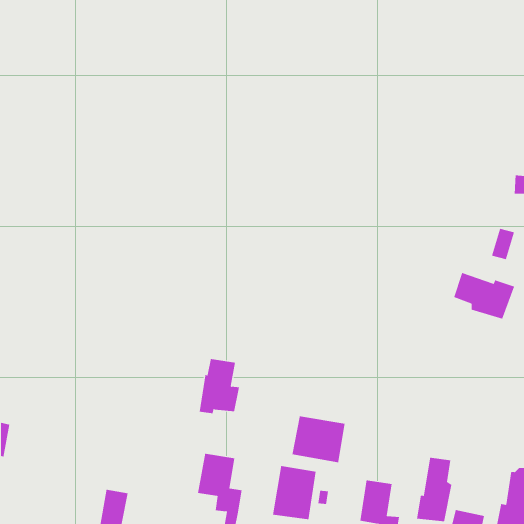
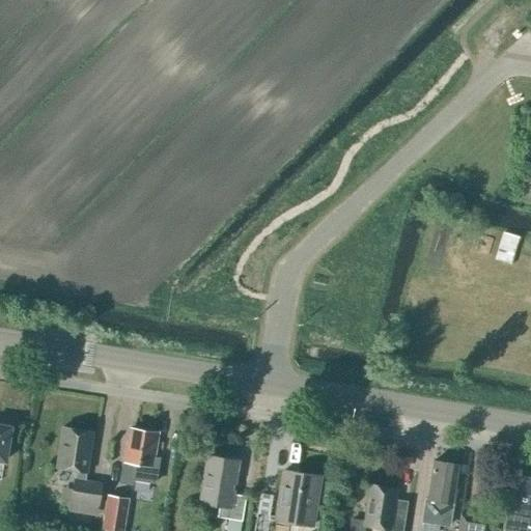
building: [453,272,515,319] -> none
building: [199,358,240,414] -> [120,430,162,486]
building: [292,416,345,463] -> none
building: none -> [56,428,103,518]

